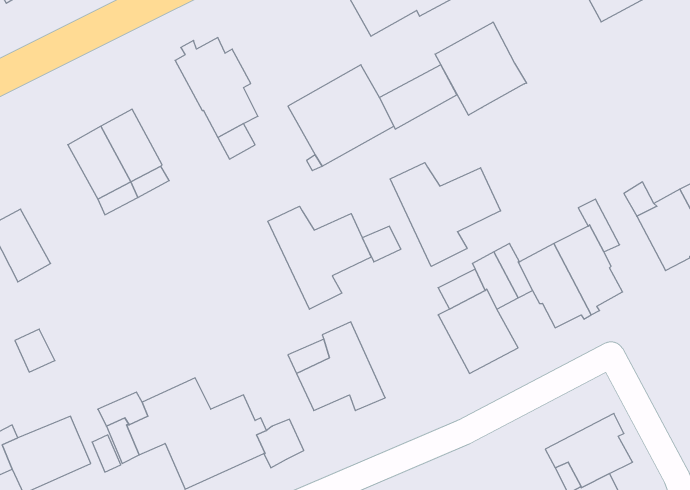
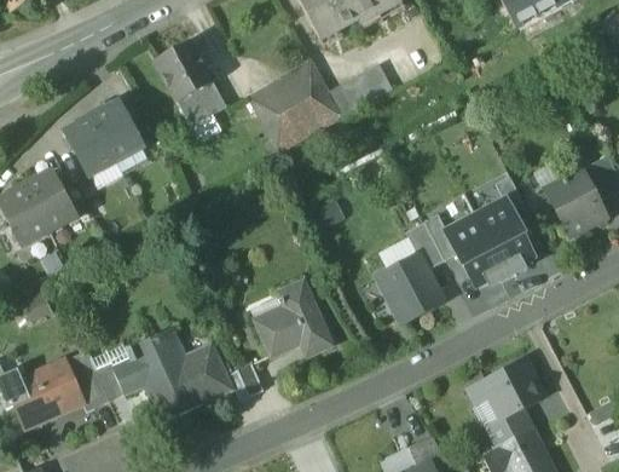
building: [435,22,527,115] -> none
building: [390,163,501,266] -> none
building: none -> [24,169,77,231]
building: [268,206,371,309] -> none

